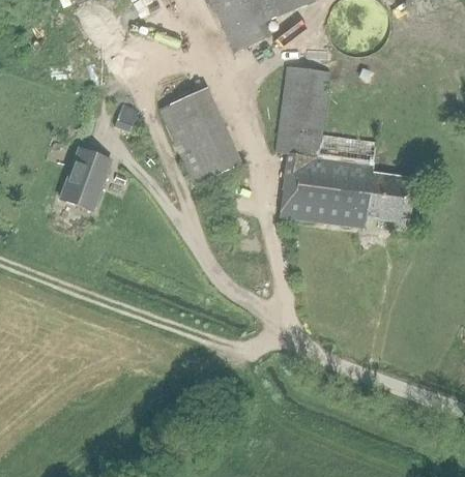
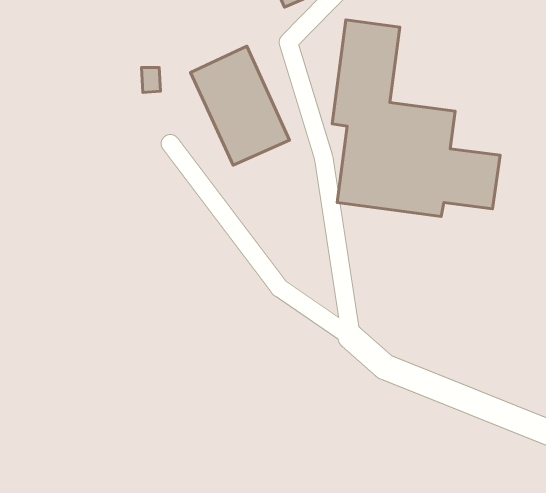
building: [60,148,111,210] -> none

